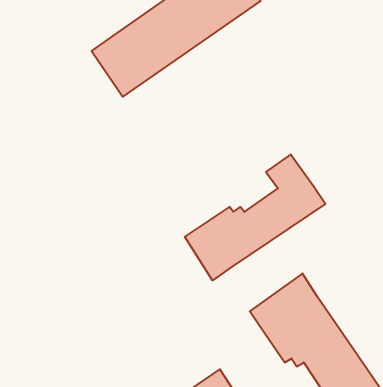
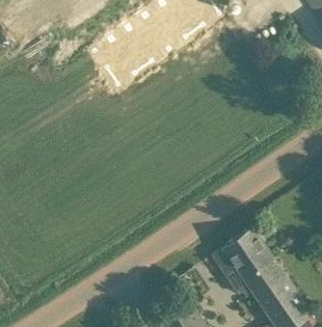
building: [185,154,325,280] -> none

